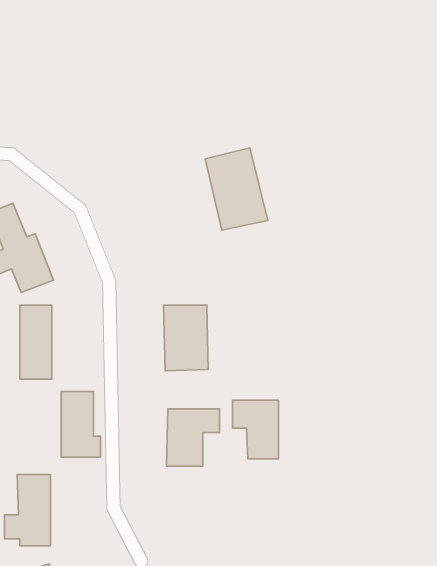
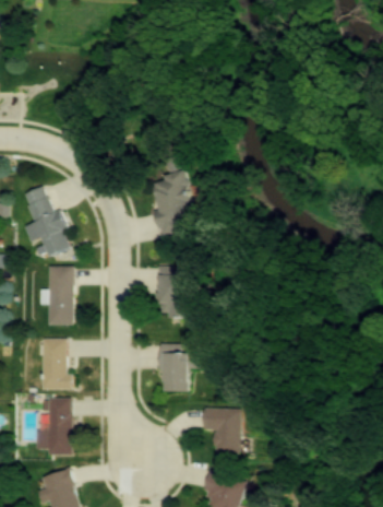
building: [205,148,268,230] -> [149,170,199,235]
building: [61,392,100,457] -> [41,338,72,389]
building: [233,400,279,459] -> [204,408,240,453]

